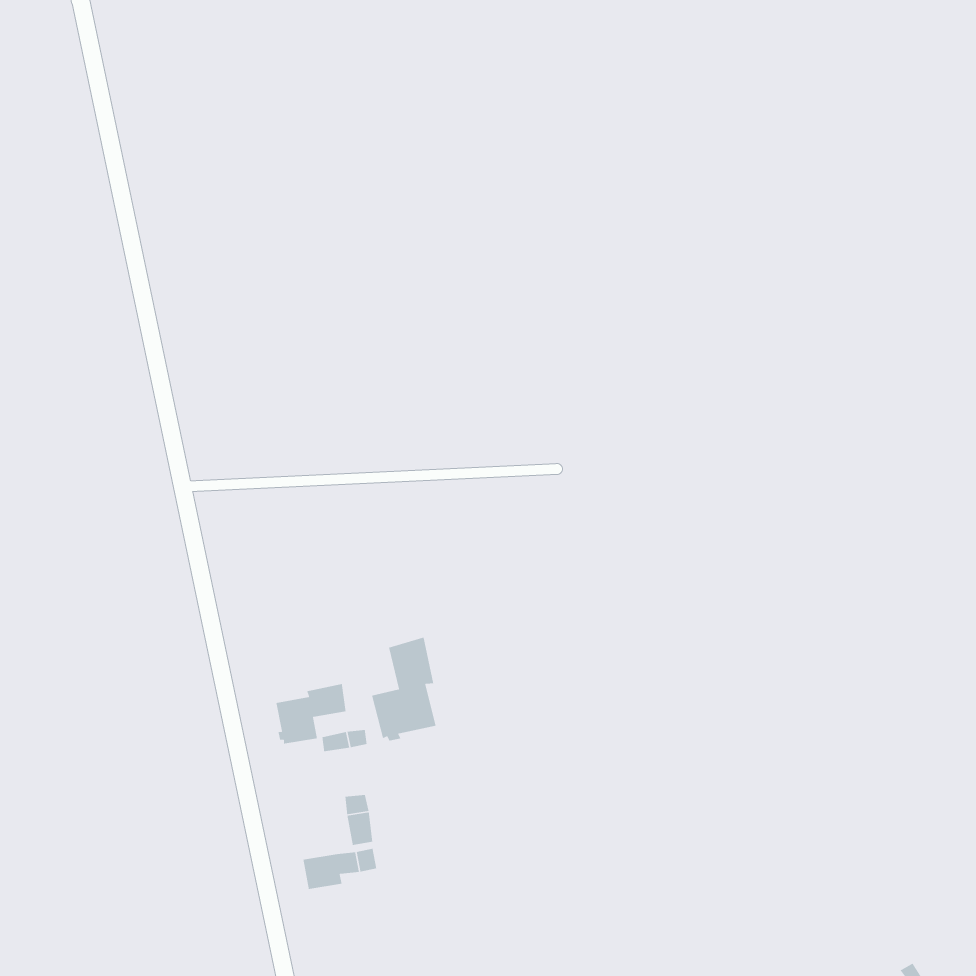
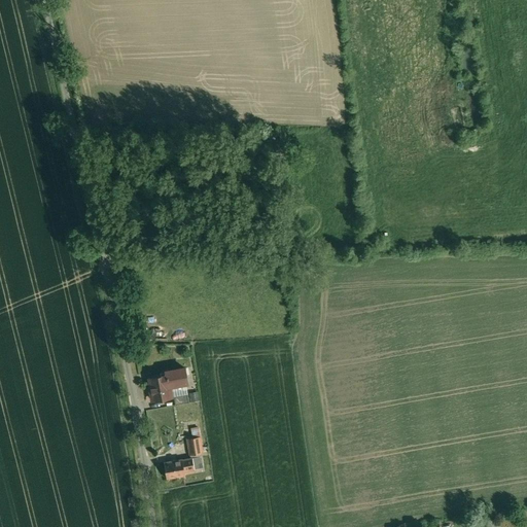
building: [371,637,436,742] -> none

